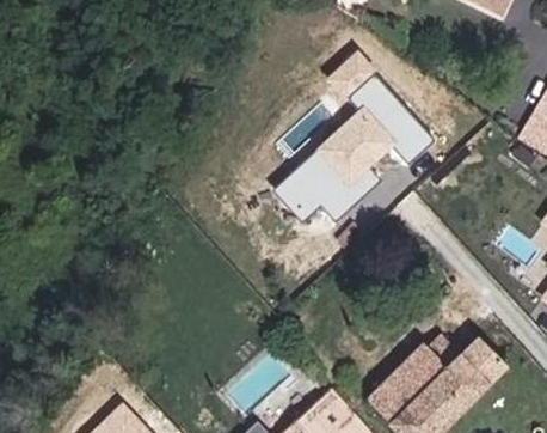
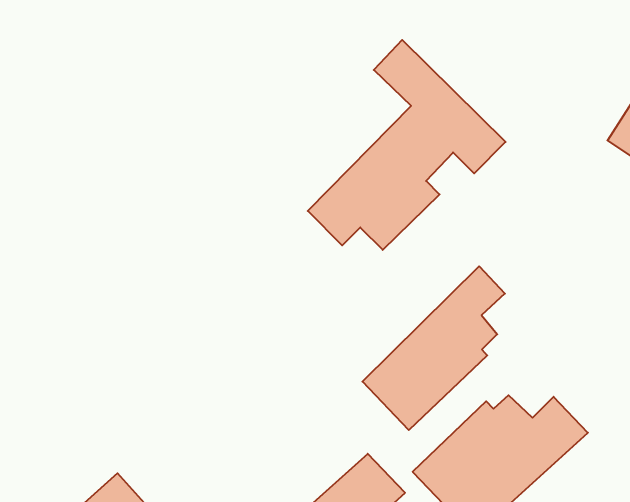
building: none -> [362,266,505,430]

